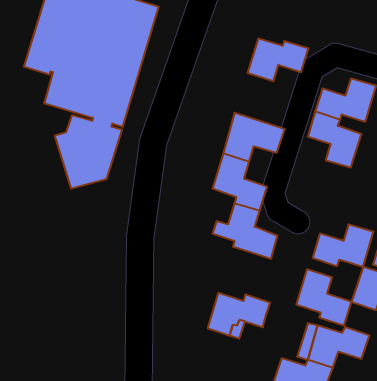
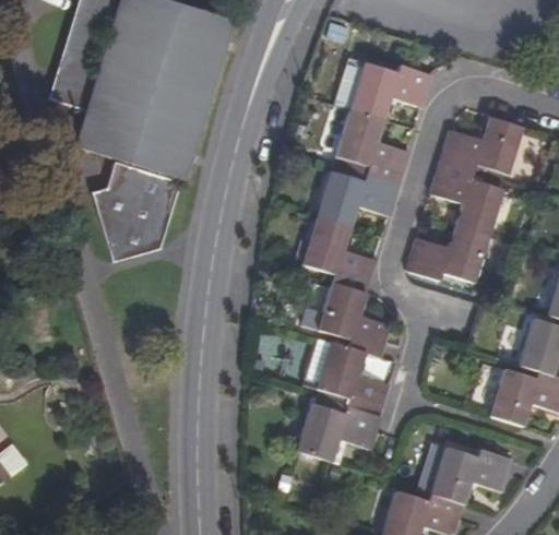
building: none -> [322,104,409,183]
building: [313,224,374,267] -> [407,225,489,282]
building: [296,269,352,326] -> [317,341,391,416]

